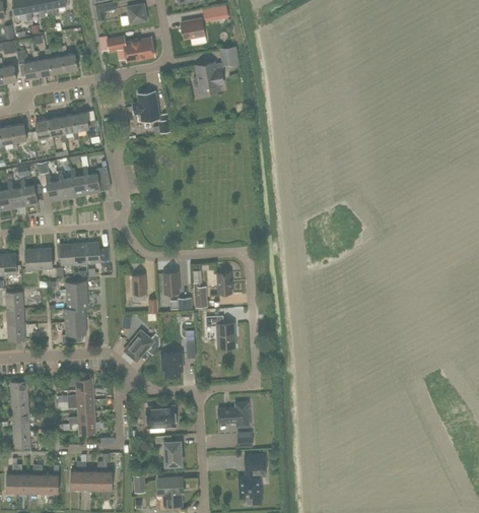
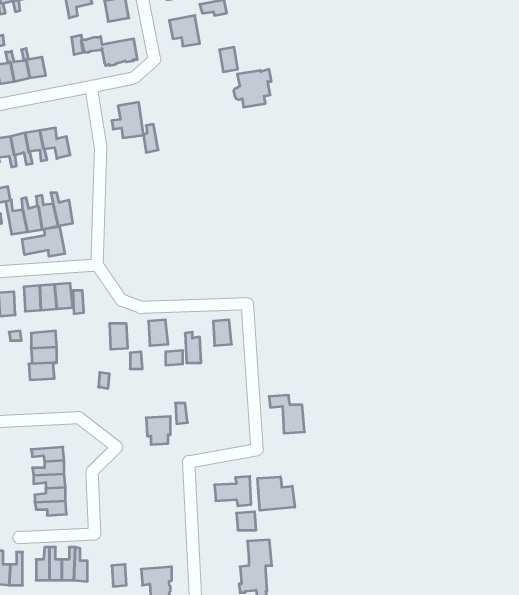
building: [193,61,224,92] -> [234,69,271,107]
building: none -> [22,227,65,256]
building: [206,315,235,346] -> [269,395,305,433]
building: [62,320,86,342] -> none
building: [124,329,159,361] -> none
building: none -> [258,477,295,510]
building: [146,406,175,426] -> none
building: [155,435,182,463] -> none

